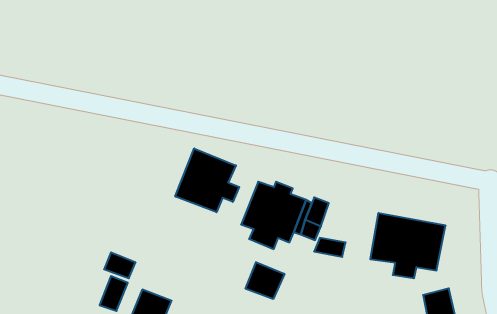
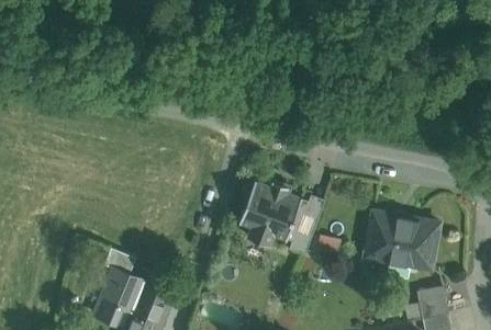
building: [175,148,239,212] -> none
building: [246,262,284,299] -> none

